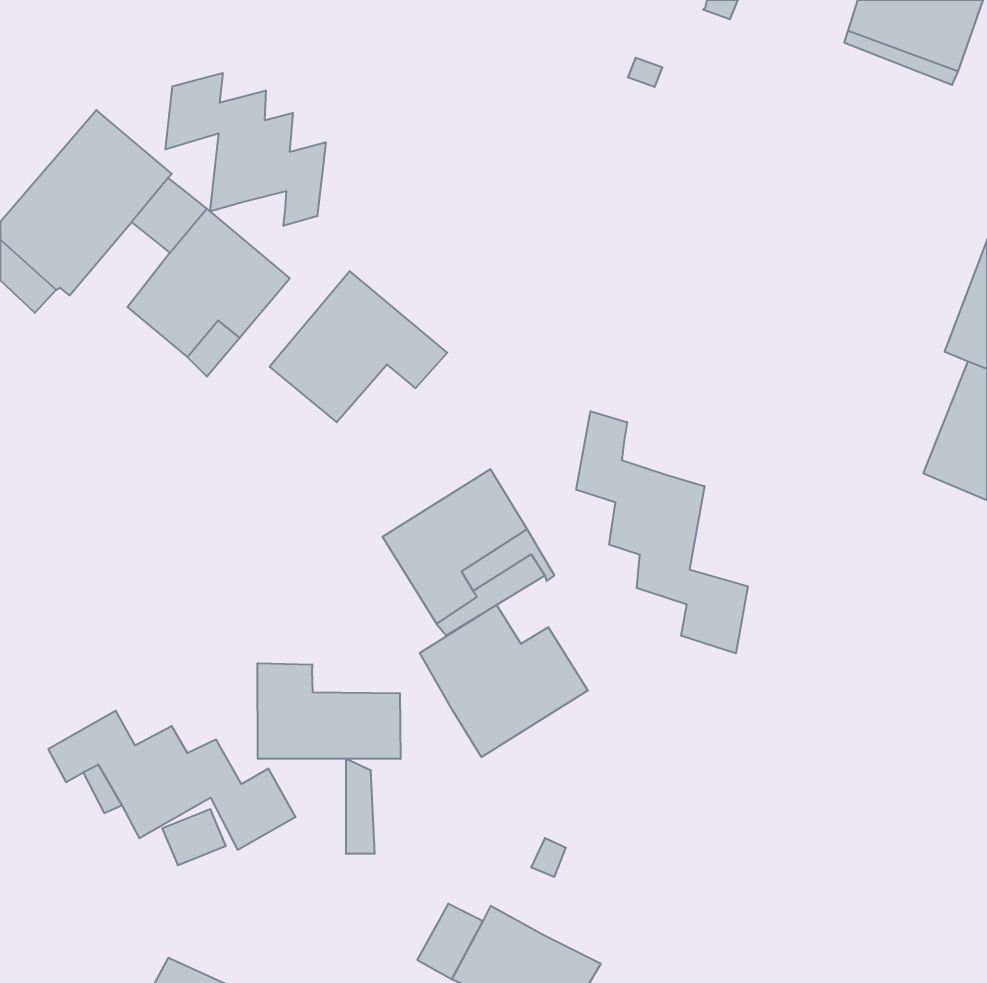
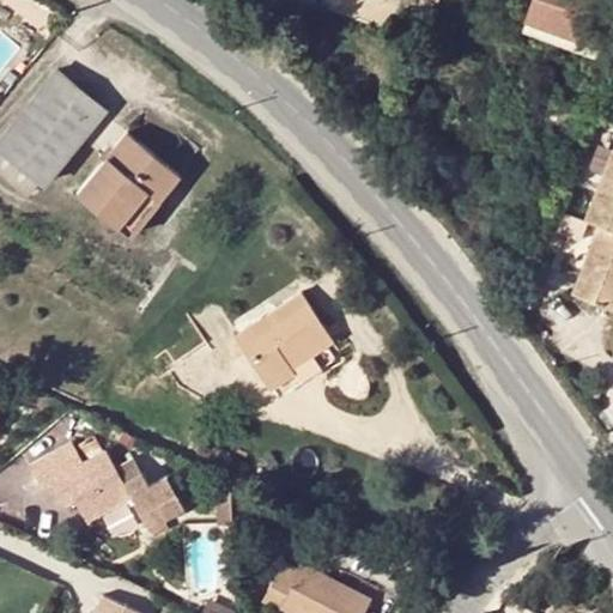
building: [165,73,326,226] -> none
building: [270,271,447,422] -> none
building: [576,411,748,653] -> none
building: [420,605,588,757] -> none
building: [258,663,401,759] -> none

